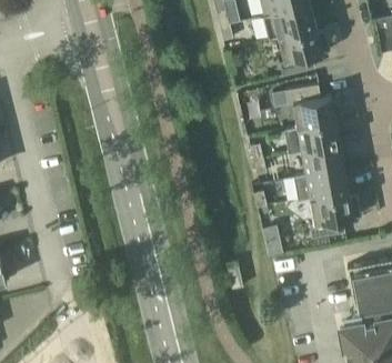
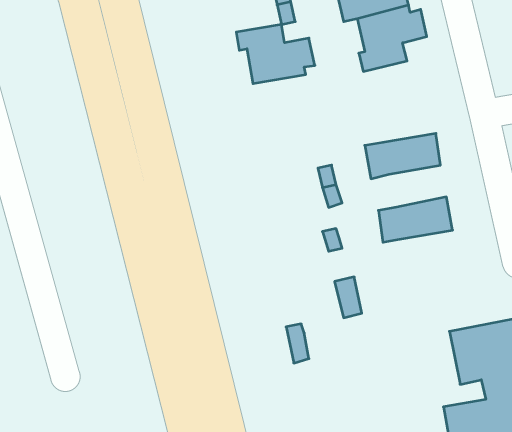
building: [284,84,342,128] -> [236,25,315,84]
building: [301,144,343,175] -> none
building: [309,192,360,239] -> none

